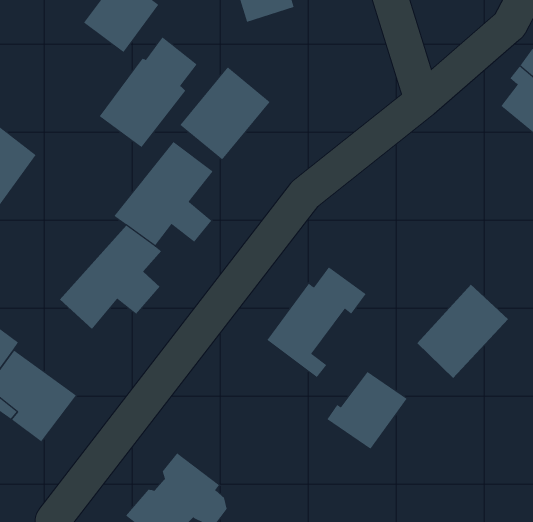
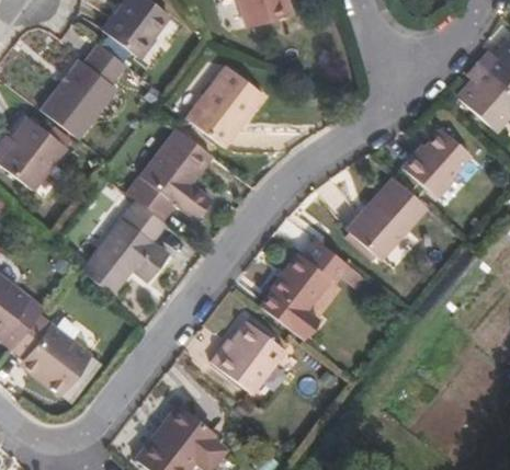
building: [99,37,197,148] -> [36,39,122,136]
building: none -> [400,130,468,198]
building: [416,284,509,379] -> [344,179,424,261]
building: [327,371,408,450] -> [209,317,280,385]

